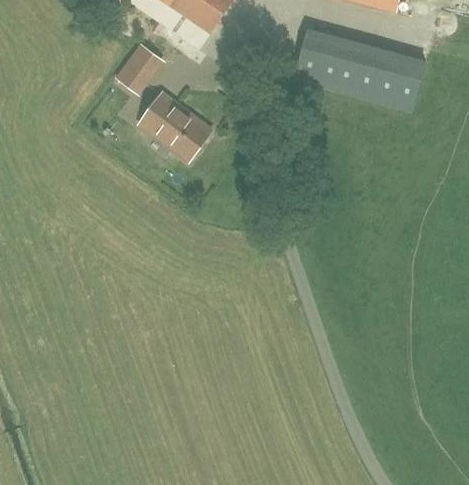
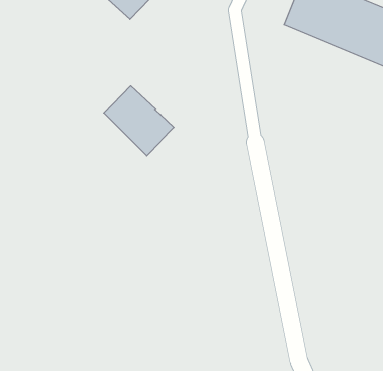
building: [139,94,211,162] -> [104,86,174,156]

